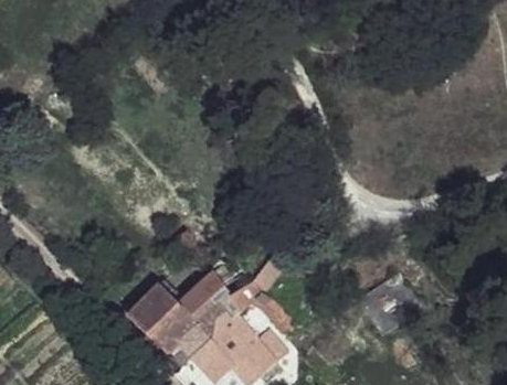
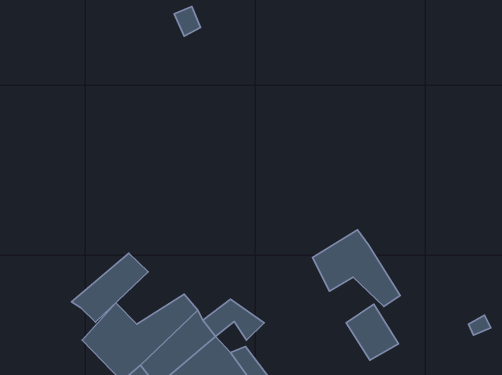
building: none -> [313,230,400,307]
building: none -> [71,253,148,322]

